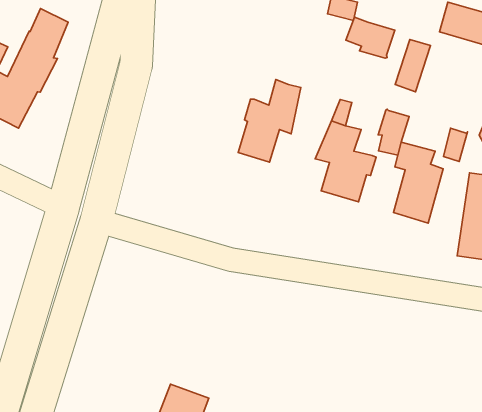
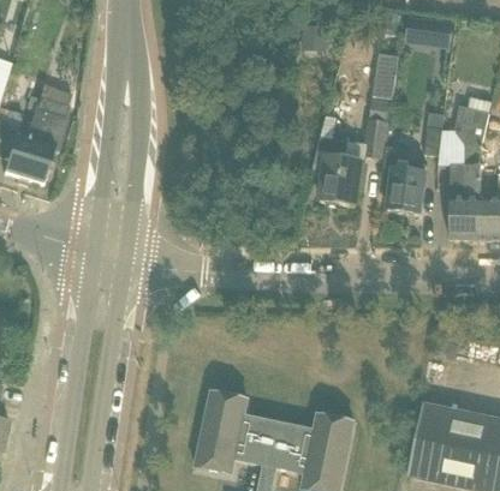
building: [346,17,395,58] -> none
building: [238,80,301,162] -> none

